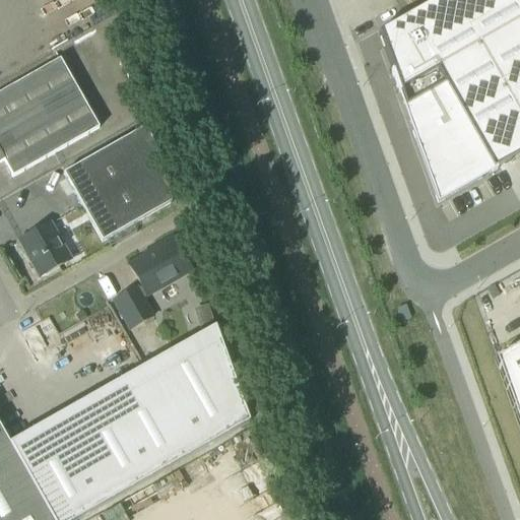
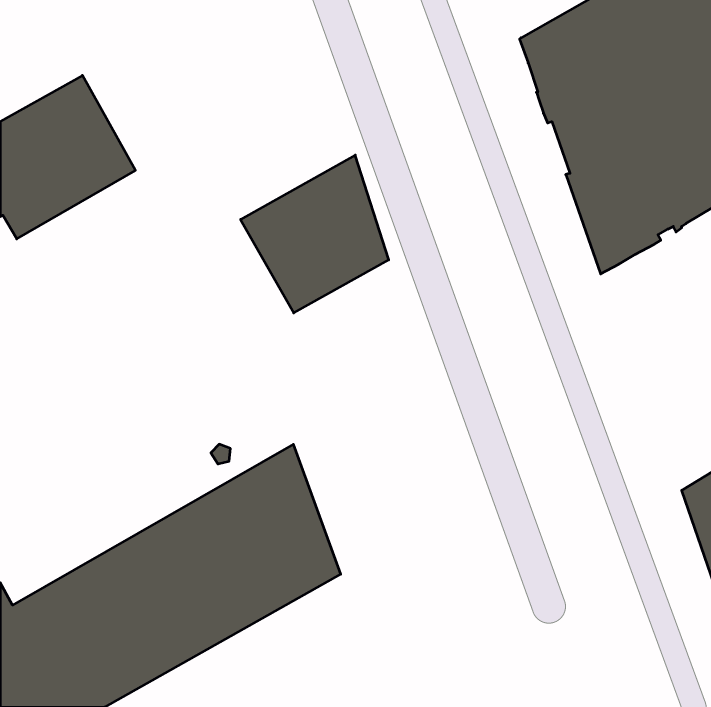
building: [65,123,173,238] -> [241,155,389,313]
building: [20,220,71,273] -> none
building: [115,235,193,325] -> none

